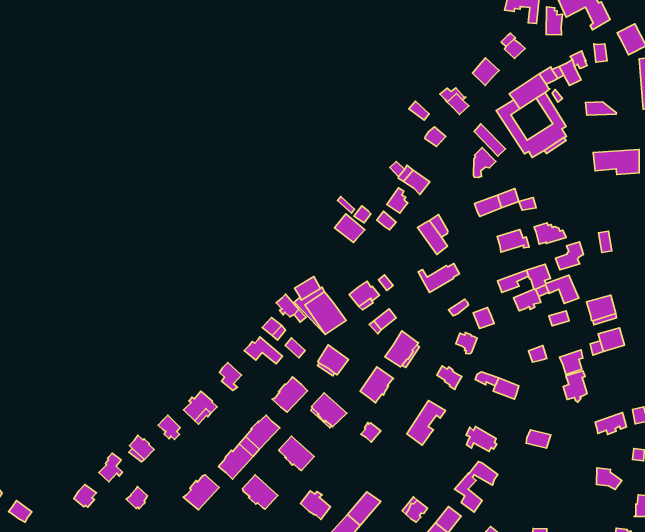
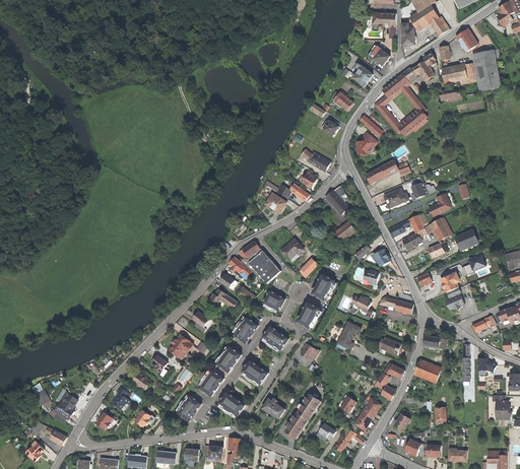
building: [593,149,639,175] -> [441,63,476,83]
building: none -> [52,390,77,422]
building: none -> [413,358,441,382]

